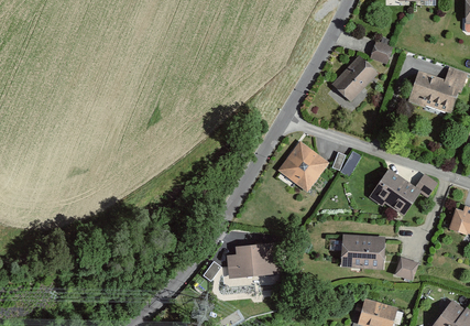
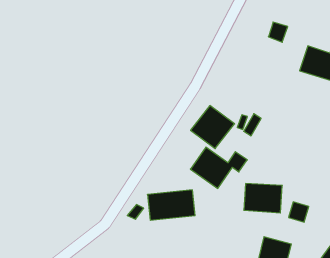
building: [330,54,378,101] -> none
building: [370,169,438,218] -> [190,147,247,188]

